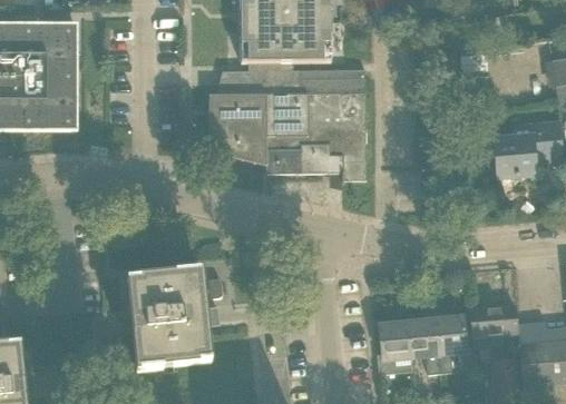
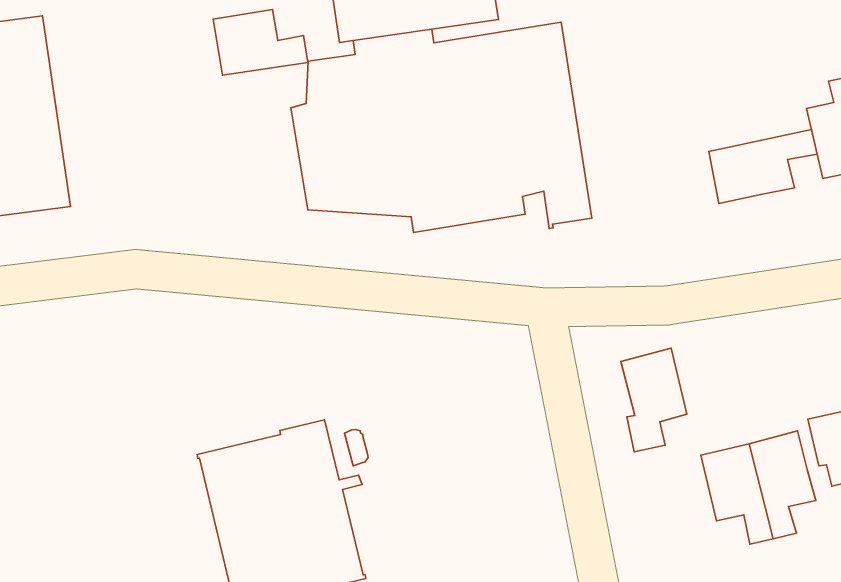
building: none -> [213,9,308,75]
building: none -> [709,130,817,203]
building: [377,318,410,373] -> [621,348,687,452]

